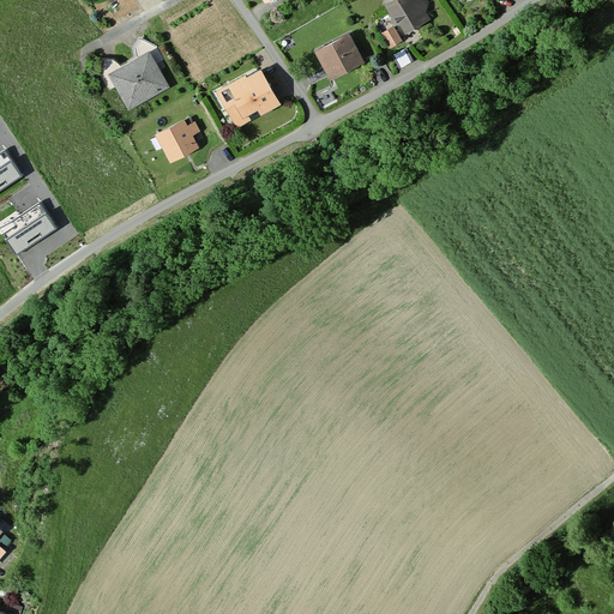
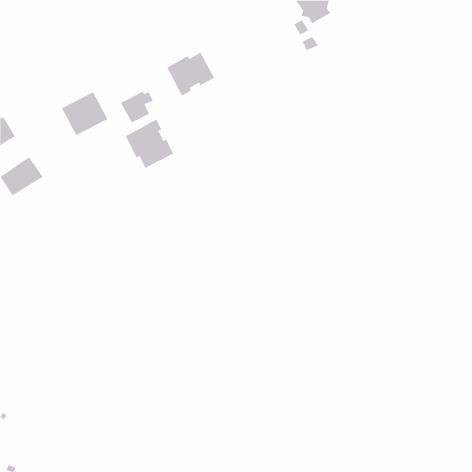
building: [314,32,362,78] -> none
building: [109,52,170,109] -> [61,91,108,136]
building: none -> [125,119,174,169]

